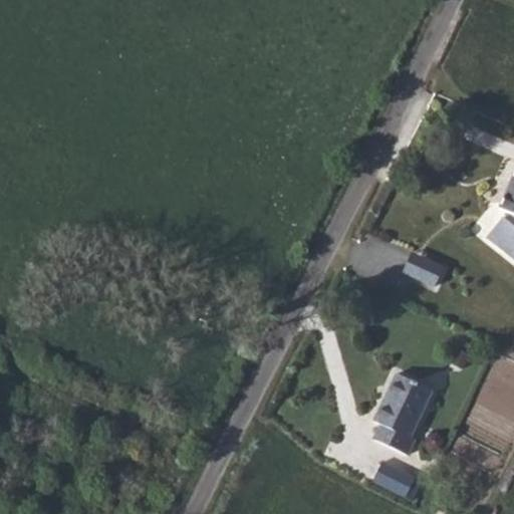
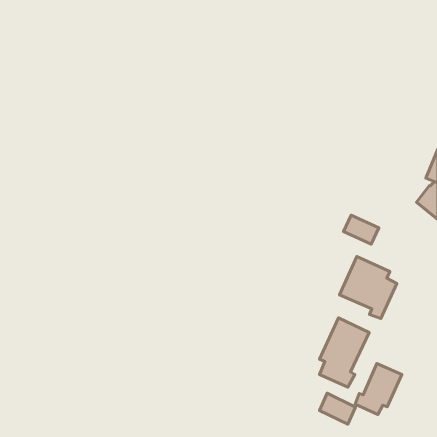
building: none -> [339,256,397,318]
building: none -> [355,363,402,415]

